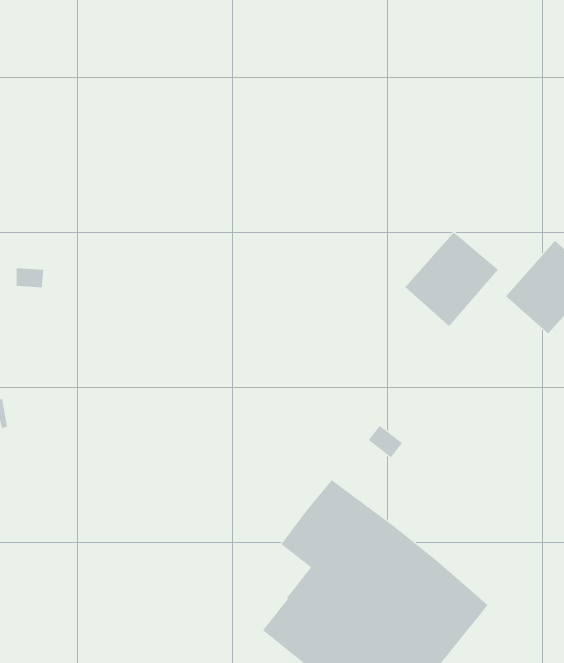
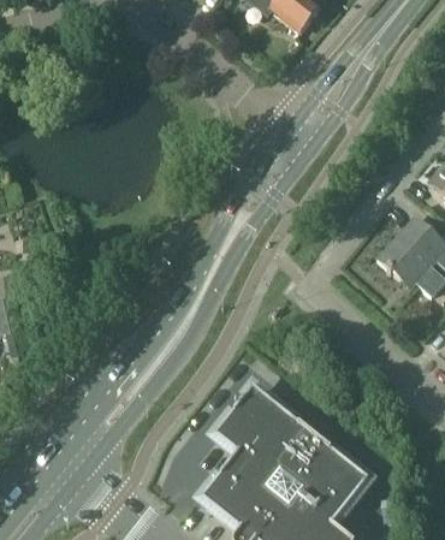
building: [405,231,499,327] -> none

